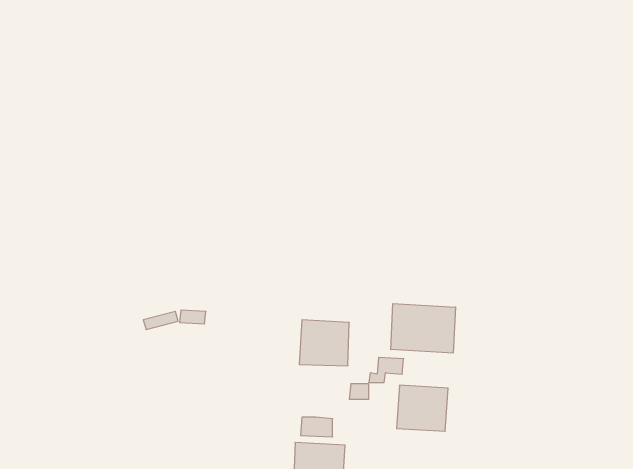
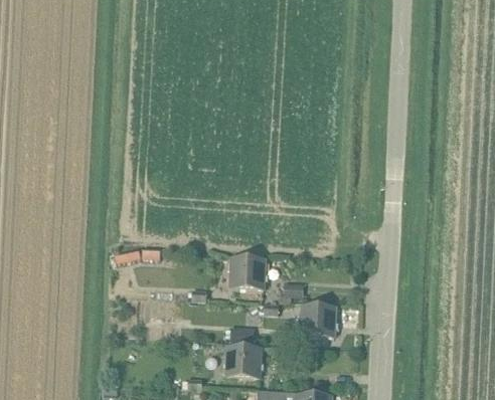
building: [391,304,456,353] -> none

